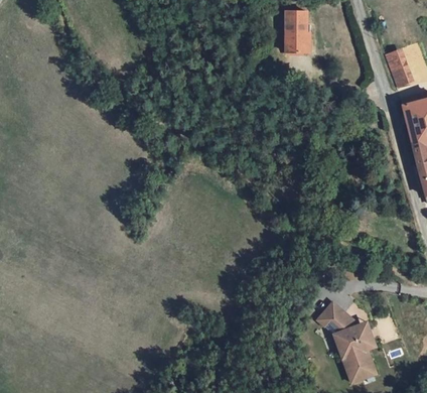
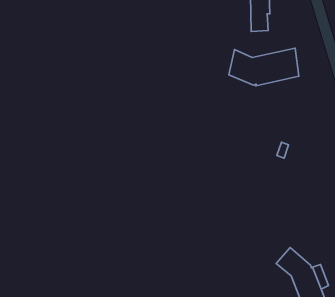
building: none -> [229,48,299,86]

